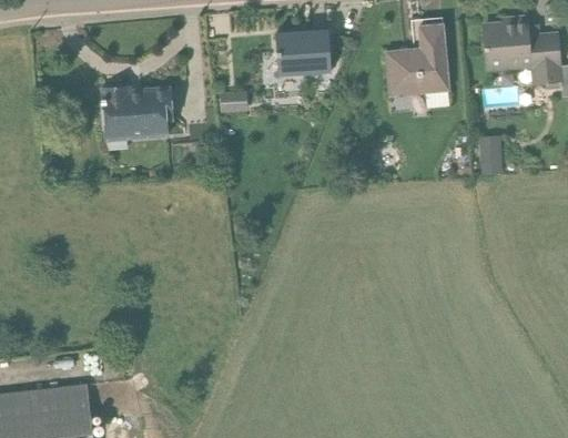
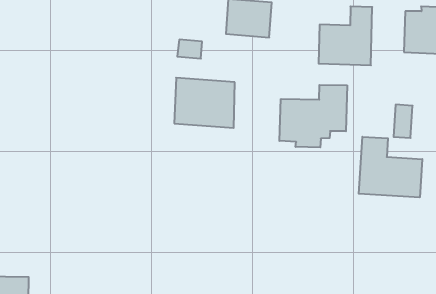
building: [101,84,175,141] -> [174,78,235,128]
building: none -> [279,85,347,147]
building: none -> [359,137,422,197]

